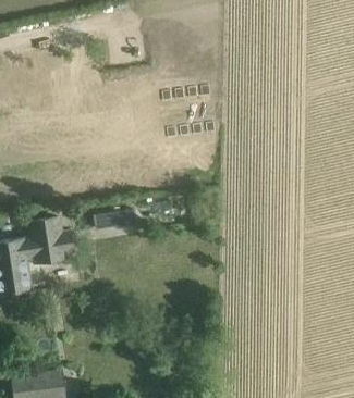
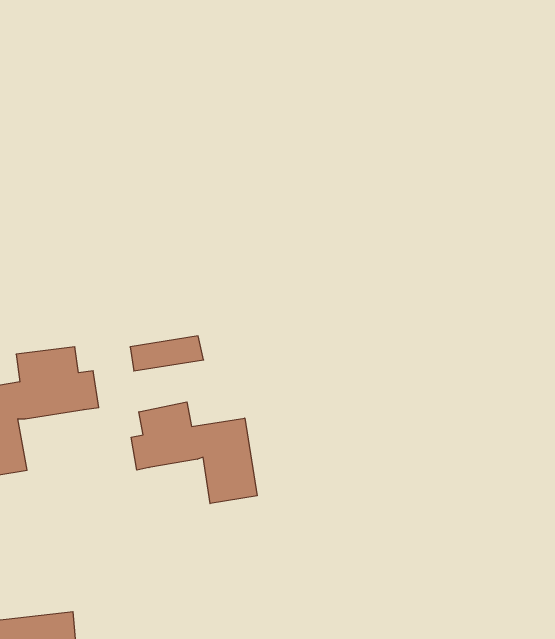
building: none -> [131,402,257,504]

